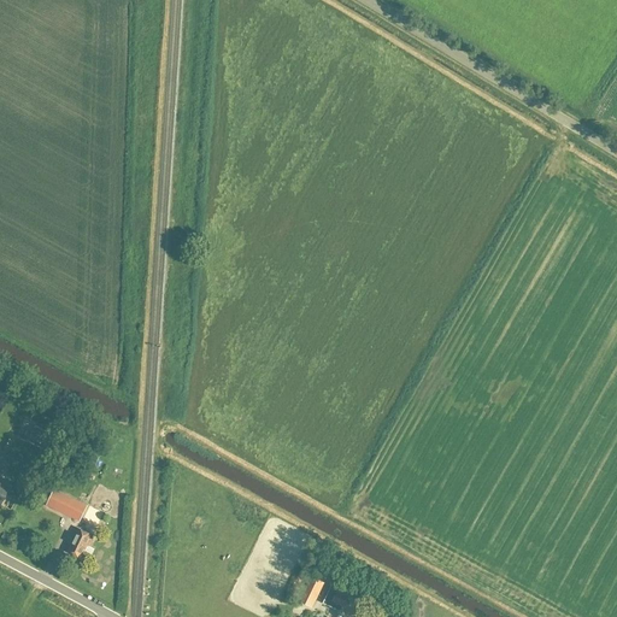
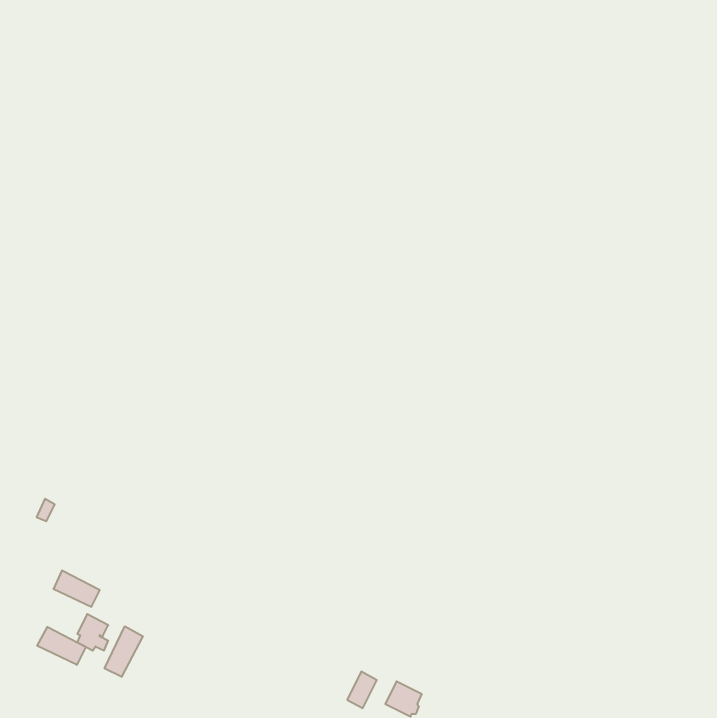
building: none -> [105,626,143,677]
building: none -> [37,627,86,665]

